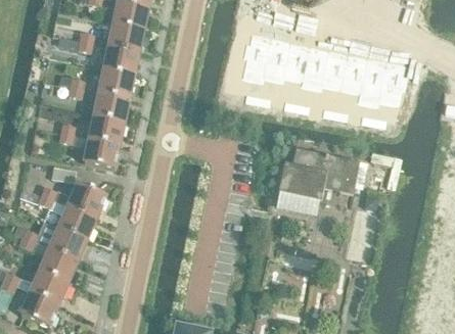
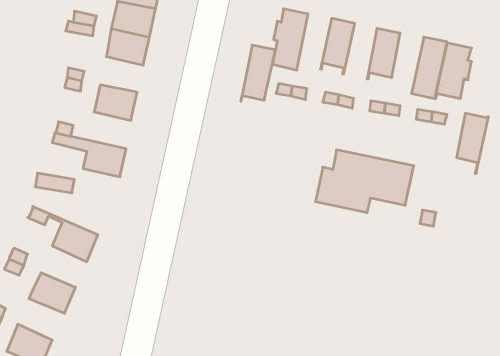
building: [261,34,289,81] -> [241,45,275,101]
building: [300,42,327,88] -> none
building: [339,50,366,100] -> [457,113,489,173]
building: [97,69,133,99] -> none
building: [87,115,123,146] -> none
building: [41,183,105,218] -> none
building: [48,227,86,261] -> none
building: [29,271,67,305] -> none

